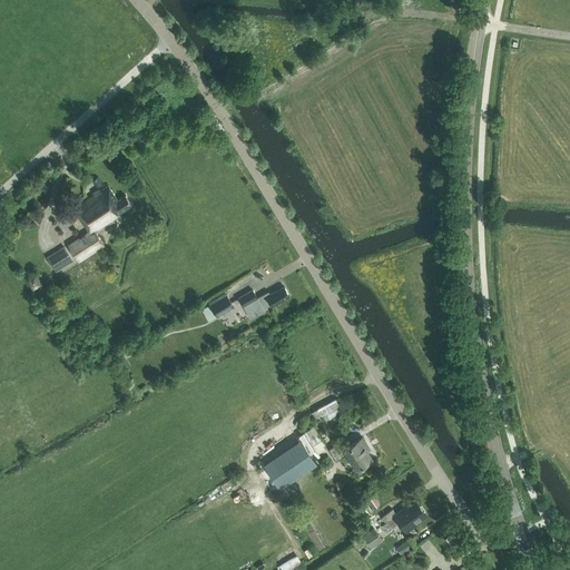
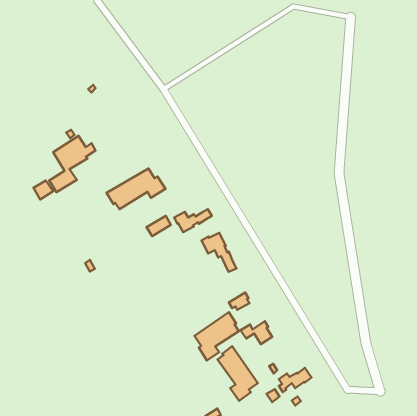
building: none -> [106,168,166,209]
building: none -> [201,233,236,272]
building: none -> [218,346,258,401]

